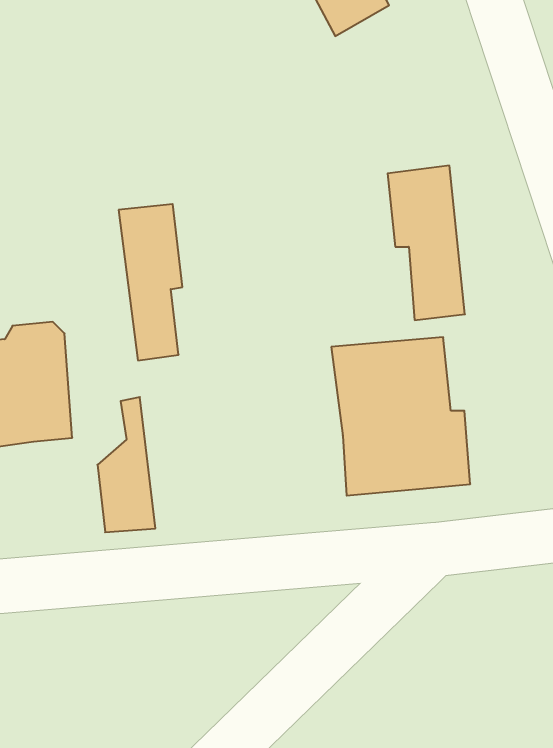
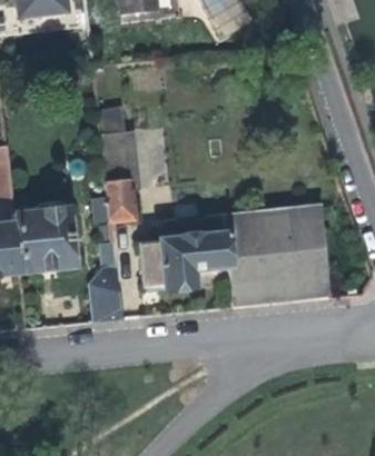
building: [388,166,465,320] -> [287,207,332,296]
building: none -> [138,217,229,293]

